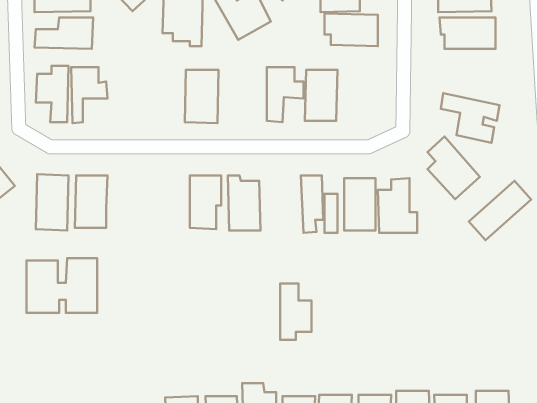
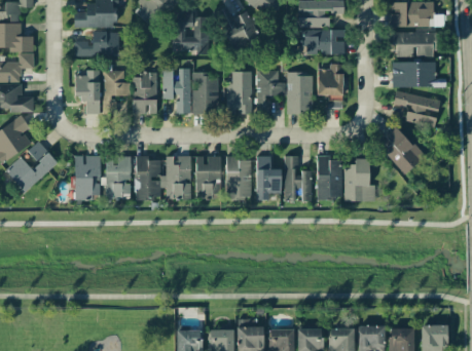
building: none -> [393,62,435,87]
building: none -> [318,64,349,108]
building: none -> [164,69,190,114]
building: none -> [227,71,253,114]
building: none -> [133,72,158,114]
building: [469,181,531,240] -> none
building: [27,258,97,313] -> [136,156,191,199]
building: [280,284,311,340] -> [257,156,282,200]

